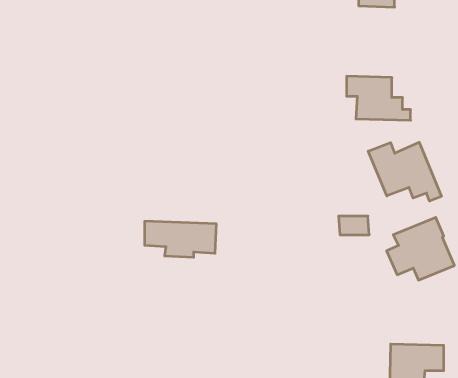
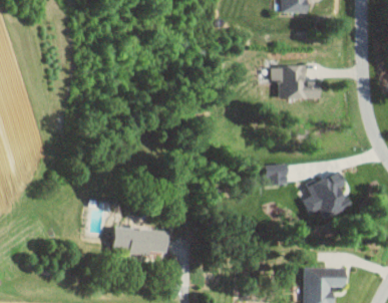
building: [368,142,441,201] -> none
building: [145,221,216,257] -> [113,228,167,255]

